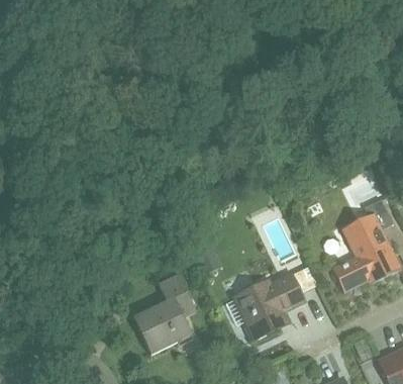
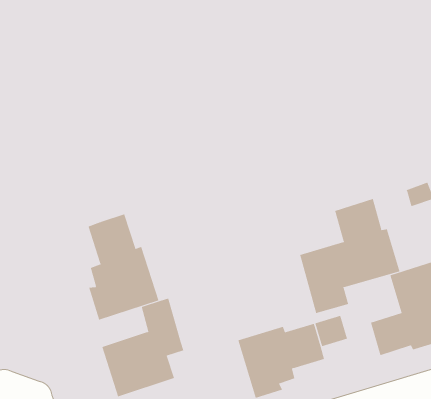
building: none -> [299,198,400,314]
building: none -> [88,214,159,320]

